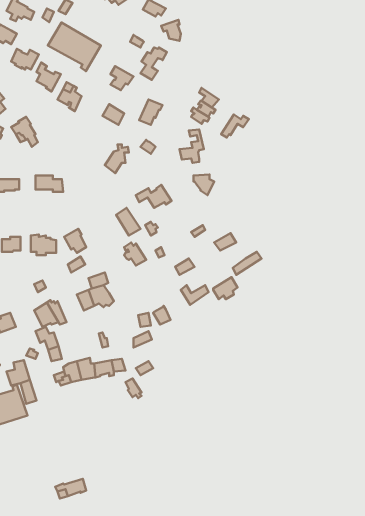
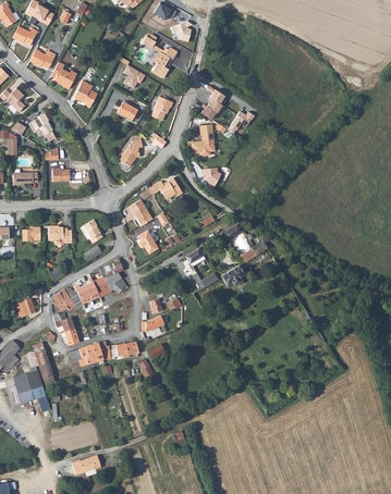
building: [48,23,101,71] -> none
building: none -> [73,281,101,308]

